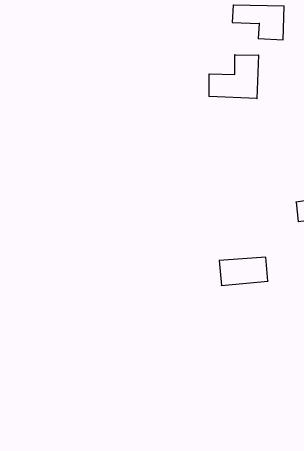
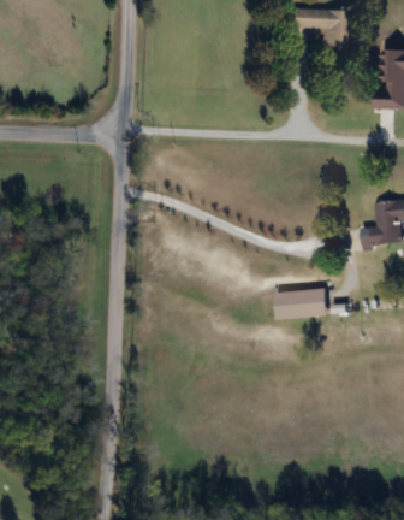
building: [209,55,258,99] -> none

